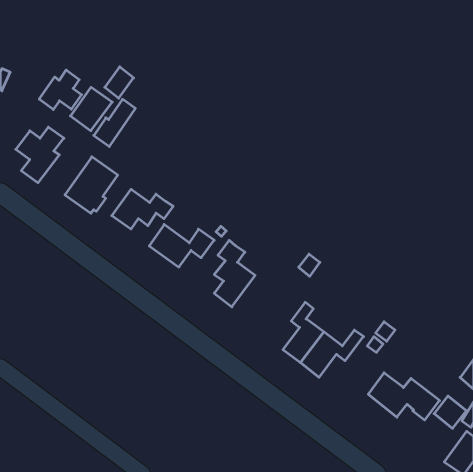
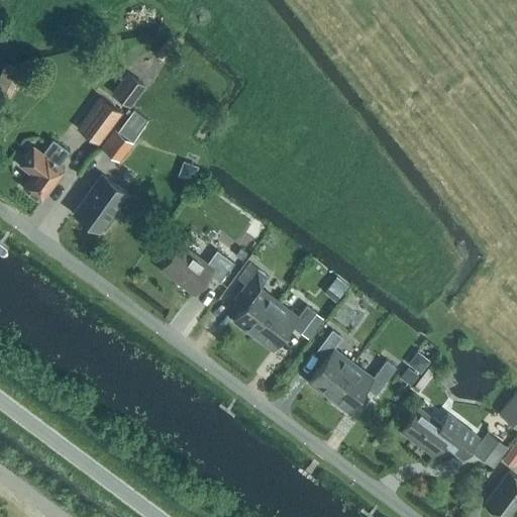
building: [39,70,82,110] -> none
building: [112,189,173,229] -> none
building: none -> [253,302,324,351]

